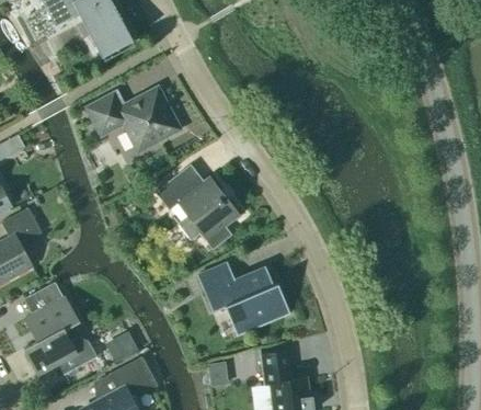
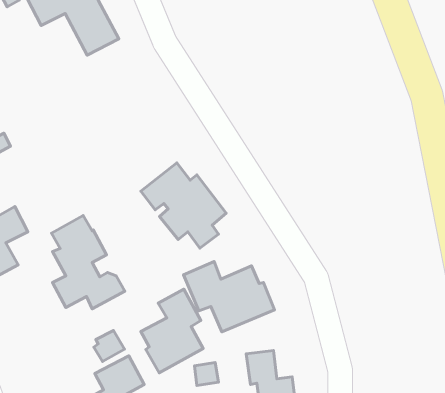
building: [87,87,180,151] -> none
building: [23,282,96,375] -> [52,215,125,309]
building: none -> [141,289,203,373]

